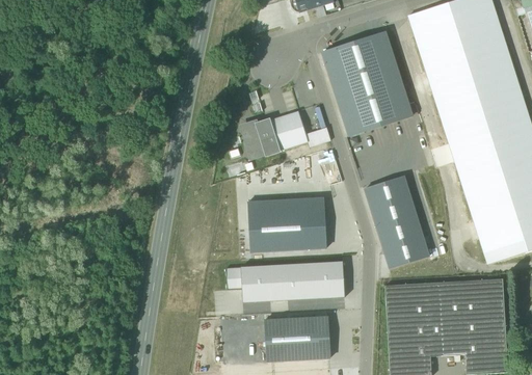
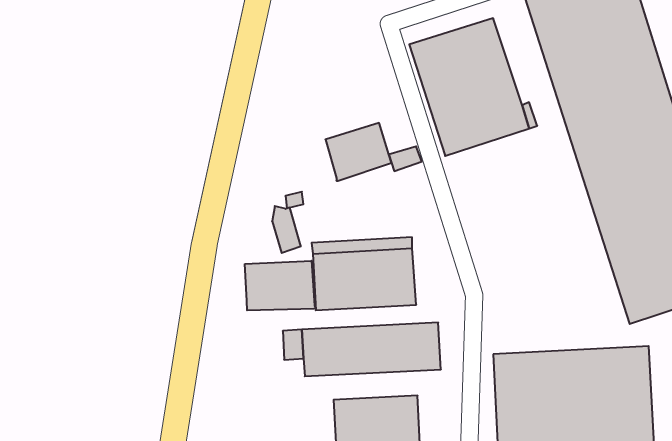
building: [244,122,266,157] -> [272,206,301,253]
building: [364,176,429,268] -> none
building: none -> [245,261,316,310]

